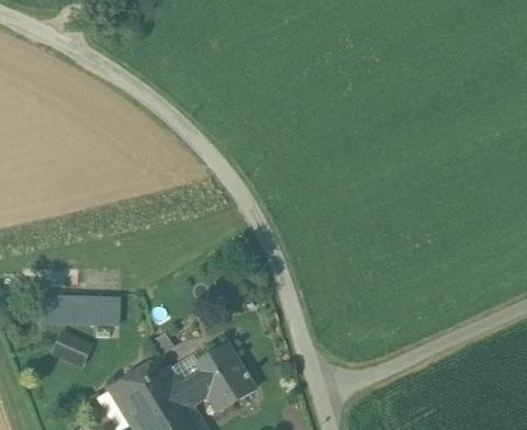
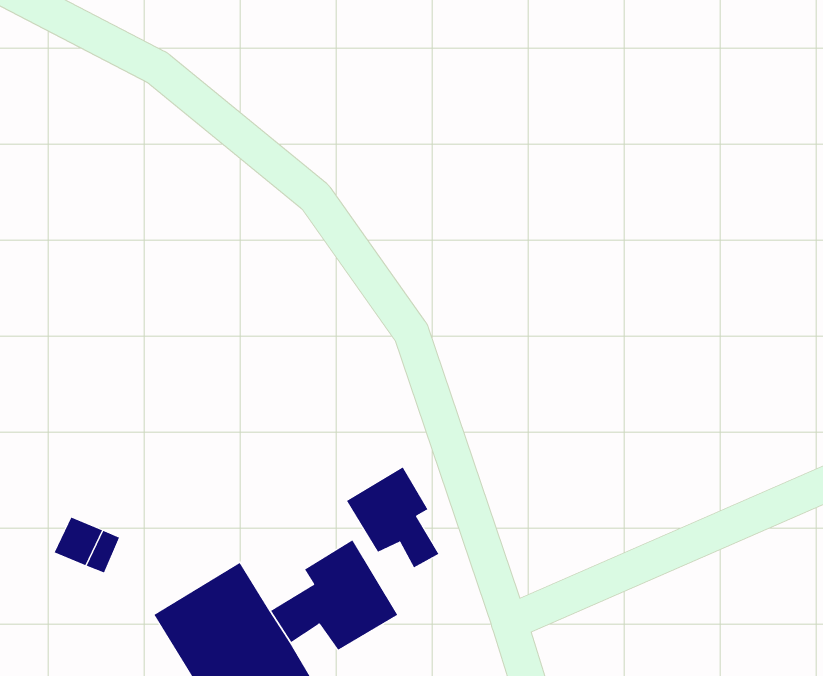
building: [48,293,122,324] -> none
building: none -> [346,466,439,568]

